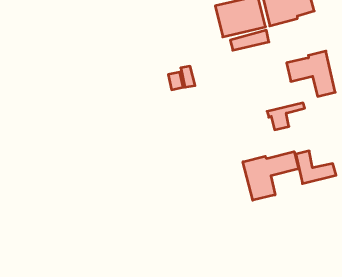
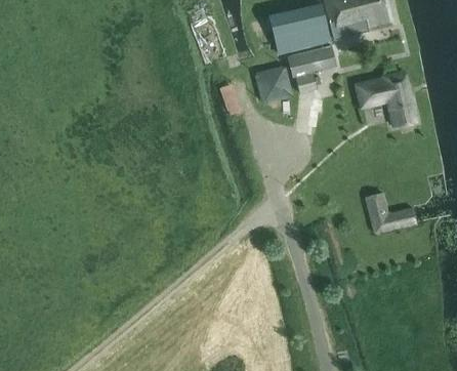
building: none -> [251,70,282,106]
building: [267,103,305,130] -> [290,58,336,91]
building: [243,152,298,200] -> none

